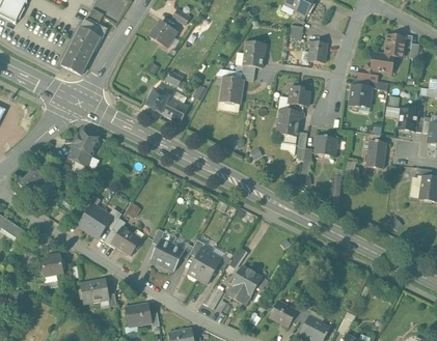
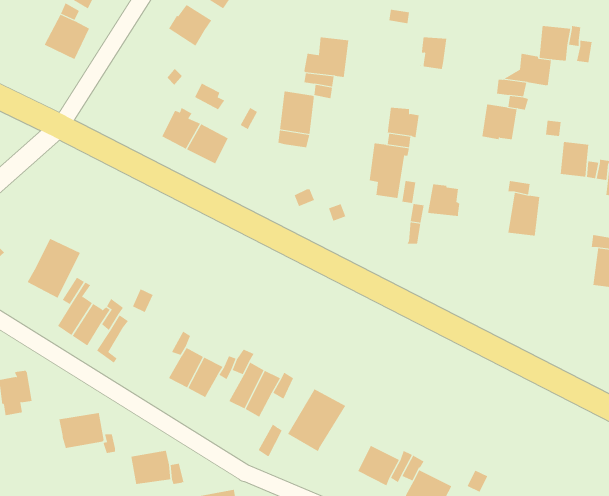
building: [62,47,90,74] -> none
building: [66,129,101,167] -> [27,238,81,298]
building: [112,226,141,254] -> none

